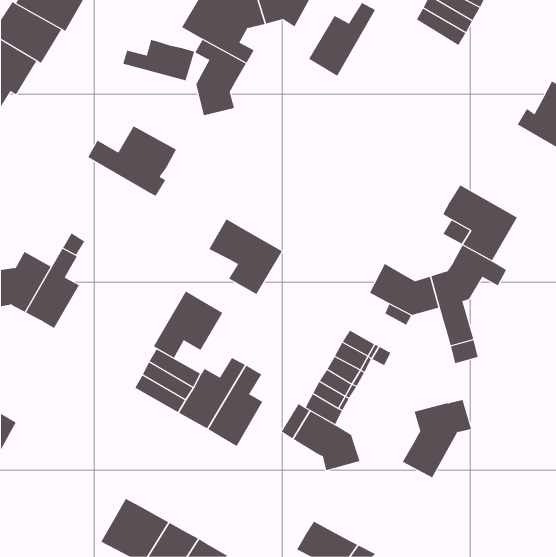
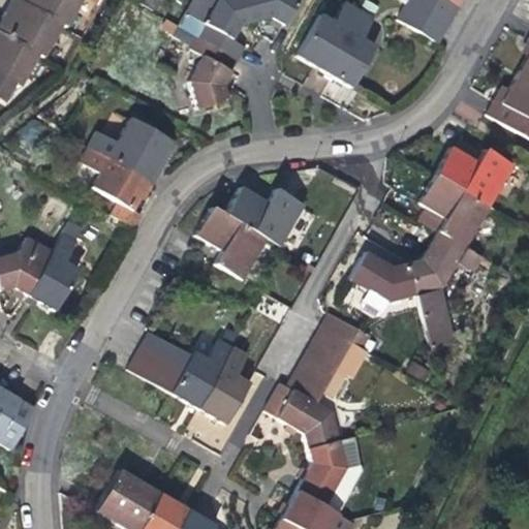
building: none -> [321,9,372,88]
building: [122,39,195,81] -> none
building: none -> [437,148,516,206]
building: none -> [76,149,146,228]
building: none -> [228,188,306,245]
building: [153,291,223,358] -> none
building: [402,400,472,478] -> [299,434,365,508]

